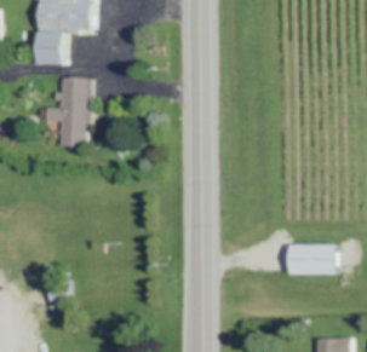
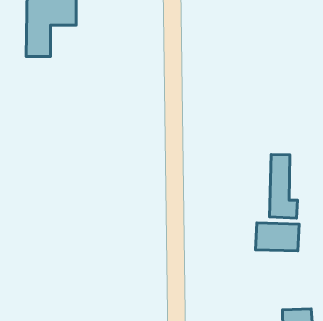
building: [46,79,90,146] -> none
building: none -> [270,155,298,218]

